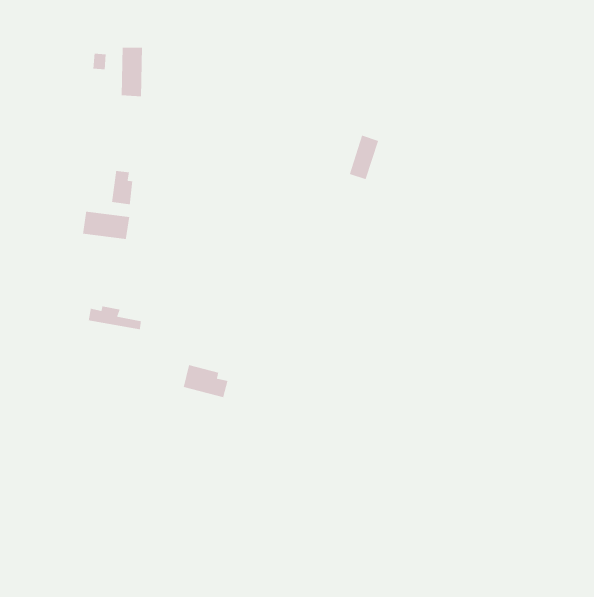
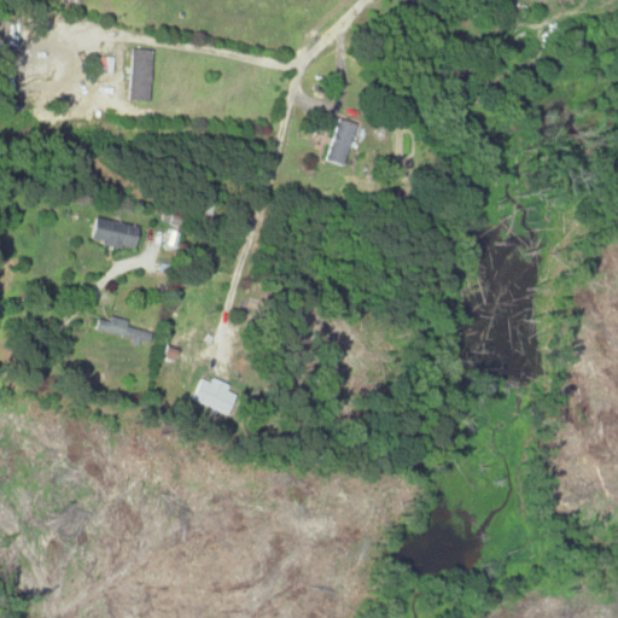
building: [349,135,379,180] -> [327,118,358,165]
building: [111,170,133,205] -> none

